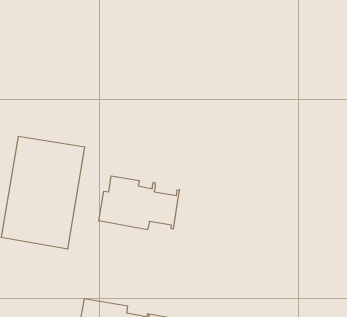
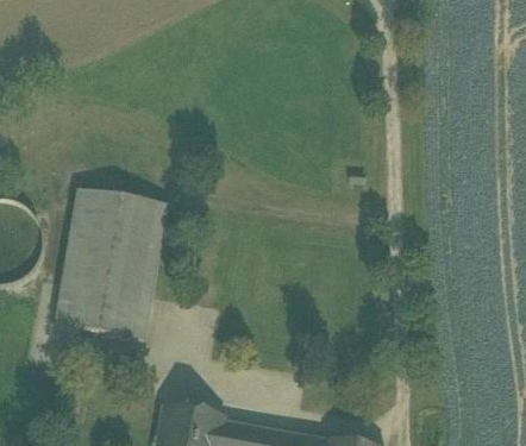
building: [99,176,179,230] -> none

